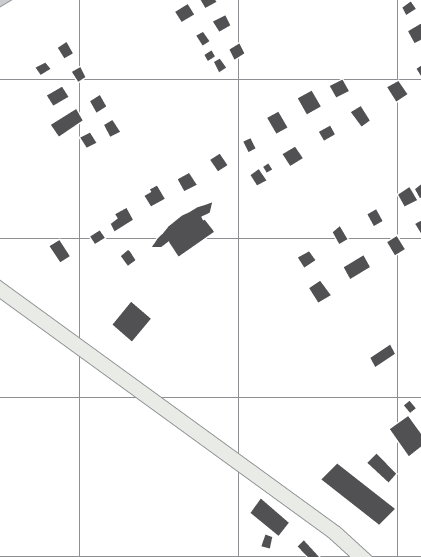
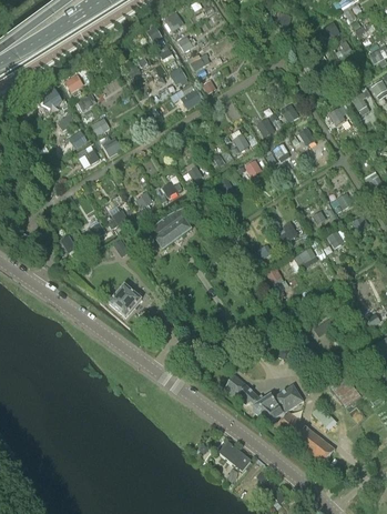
building: none -> [225,374,303,421]

